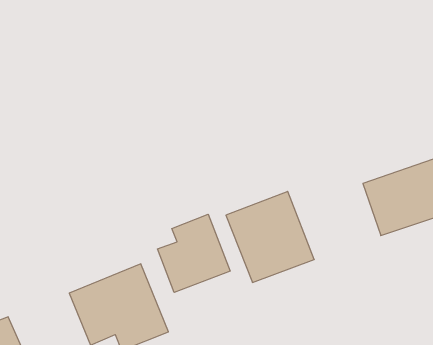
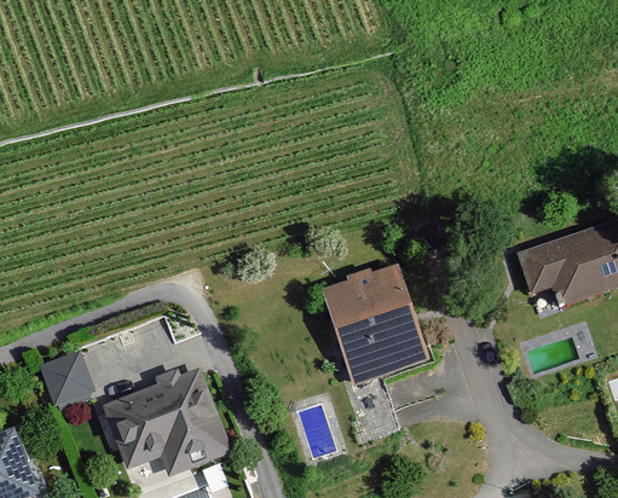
building: [157,214,230,292] -> none
building: none -> [36,349,93,409]

